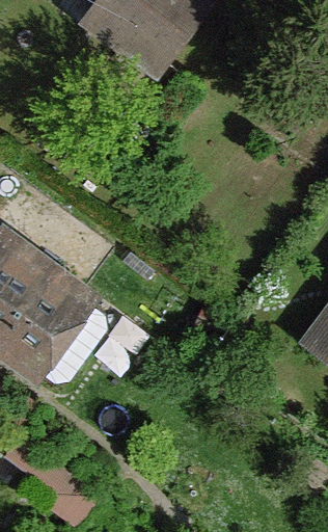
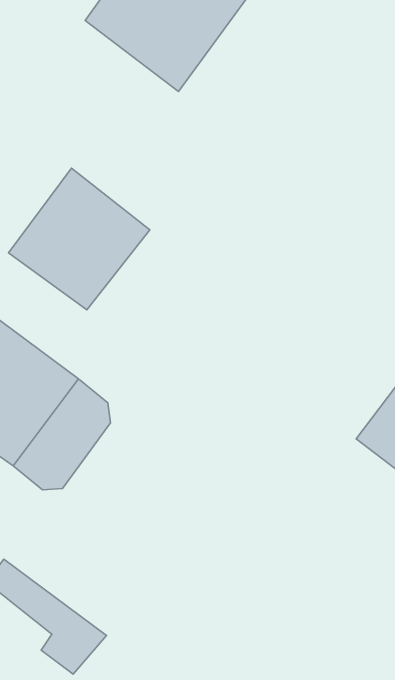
building: none -> [9,168,150,310]

